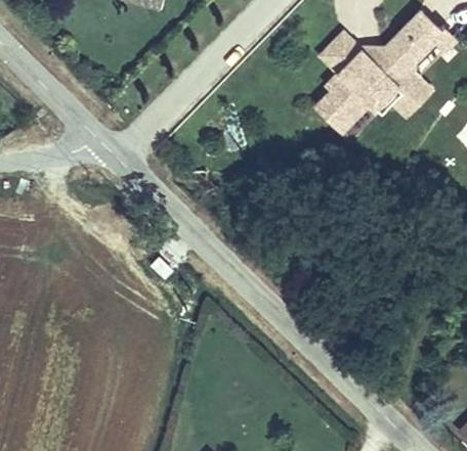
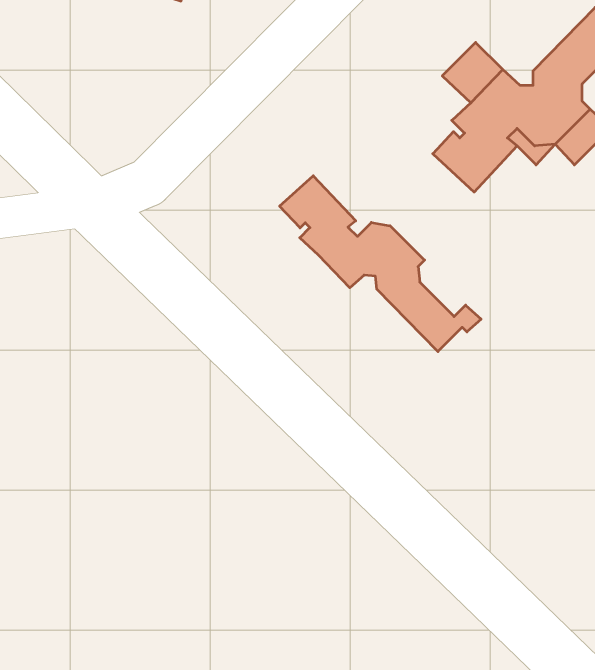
building: none -> [280,176,481,352]

